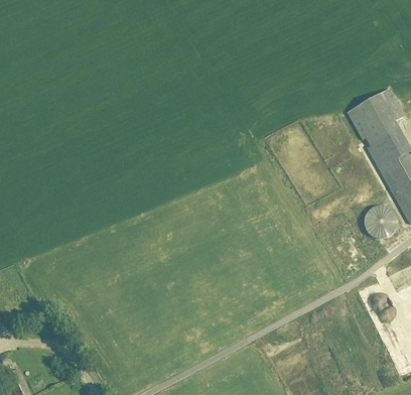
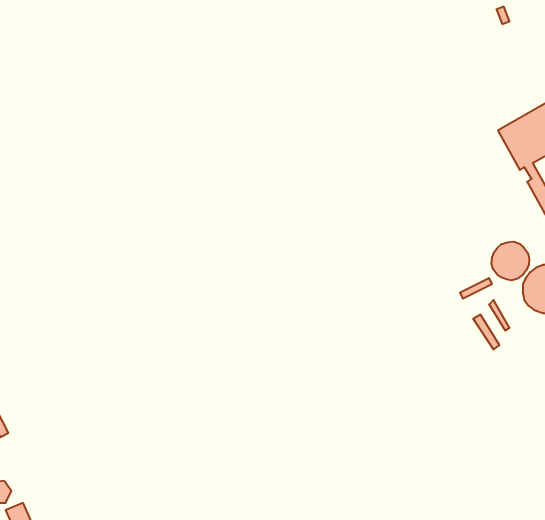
building: none -> [491,242,529,280]

